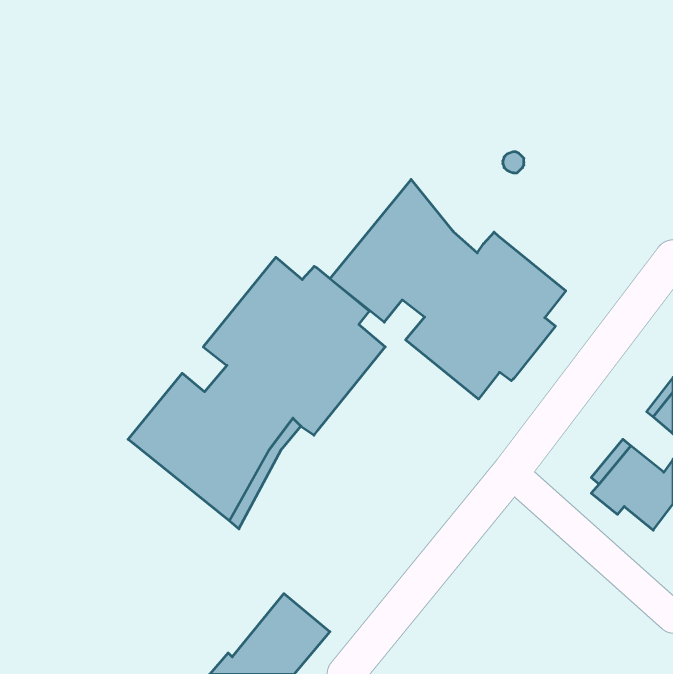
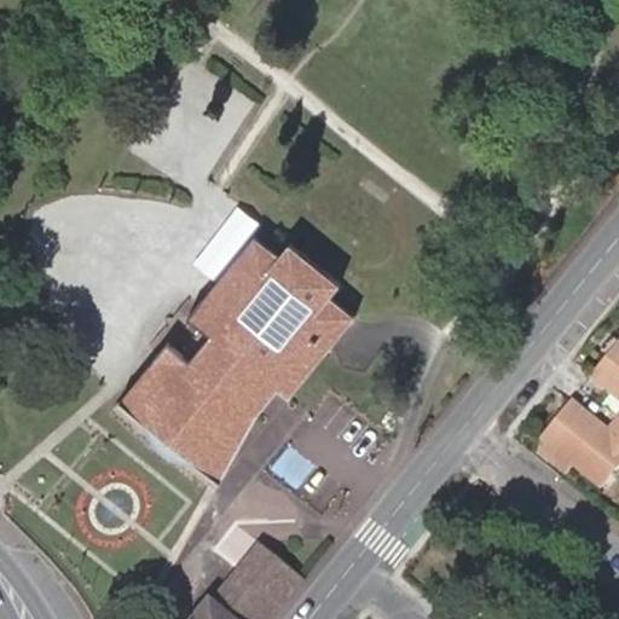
building: [330,179,566,399] -> none

